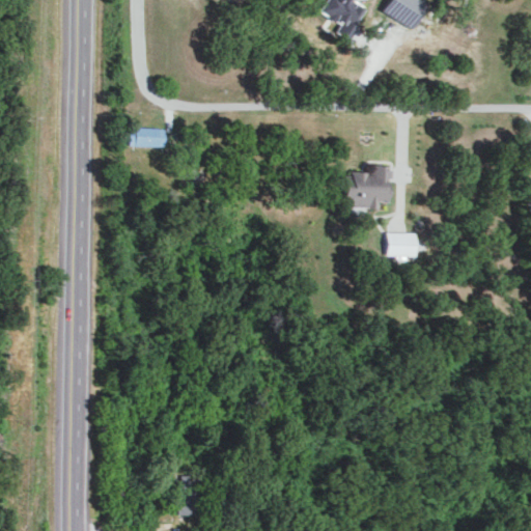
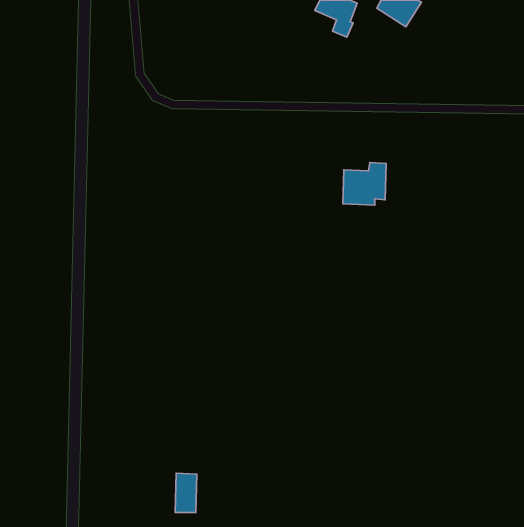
building: [129,128,165,146] -> none
building: [387,232,417,257] -> none

